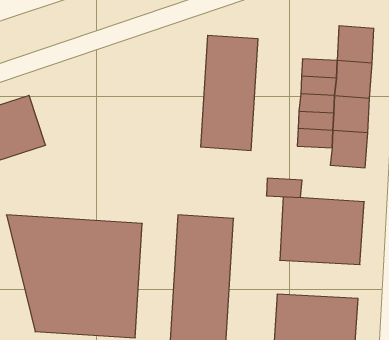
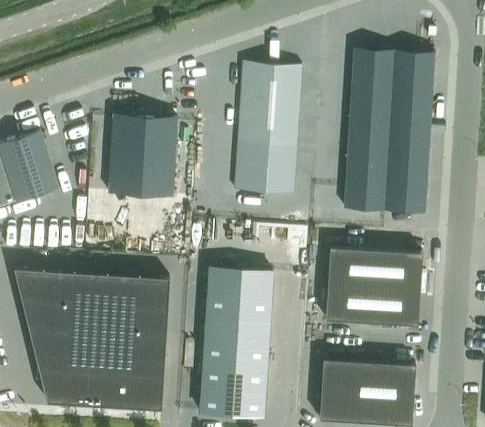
building: none -> [352,50,394,92]
building: none -> [109,115,177,198]
building: [266,178,302,197] -> [345,190,386,212]

